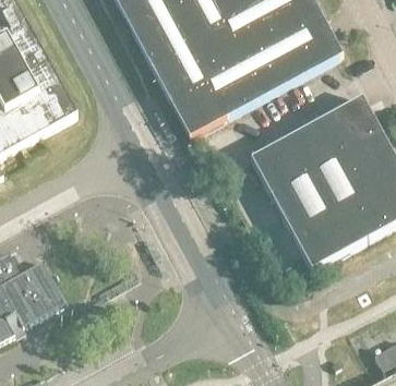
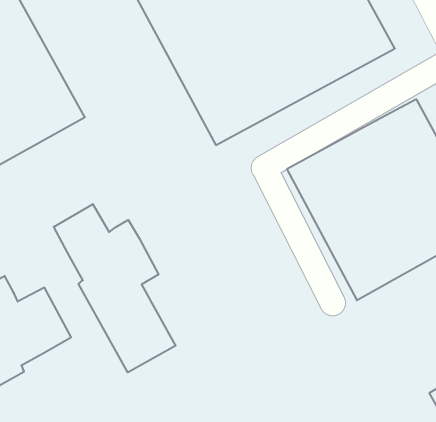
building: none -> [54,204,176,372]

